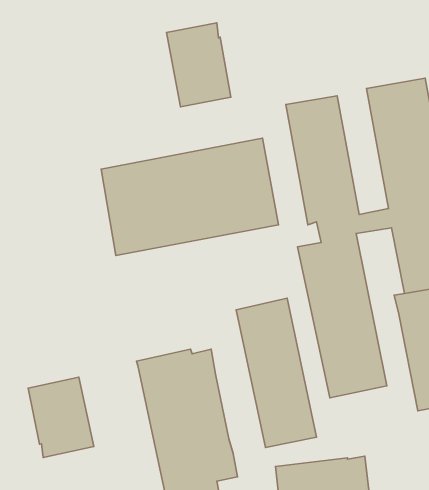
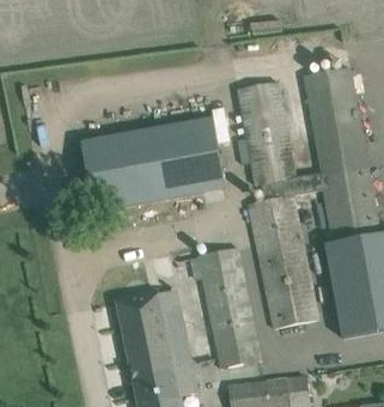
building: [167,23,231,107] -> none
building: [28,377,94,458] -> none

